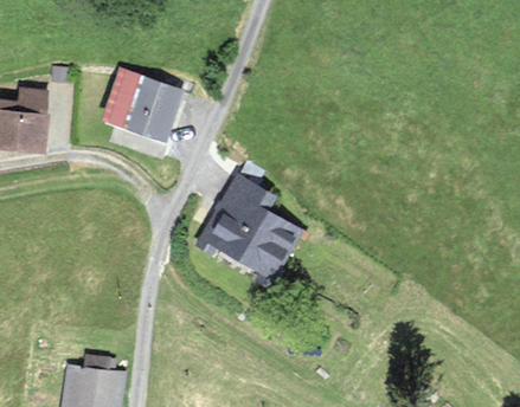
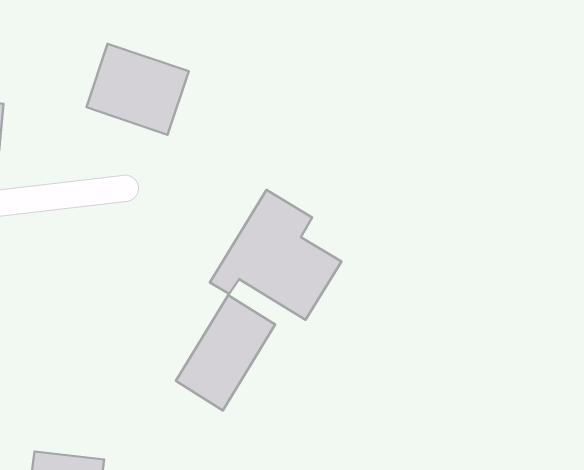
building: none -> [176,295,275,410]

